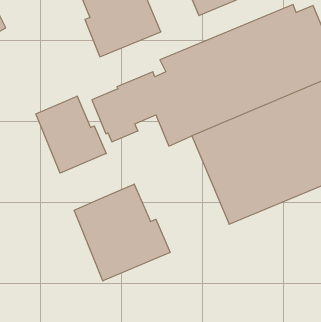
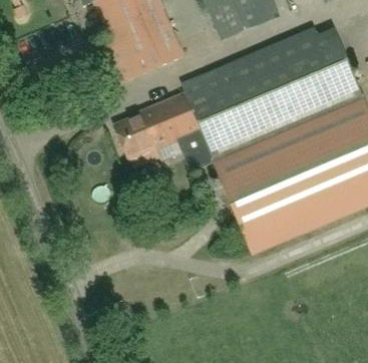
building: [36,96,106,173] -> none
building: [74,184,170,281] -> none

